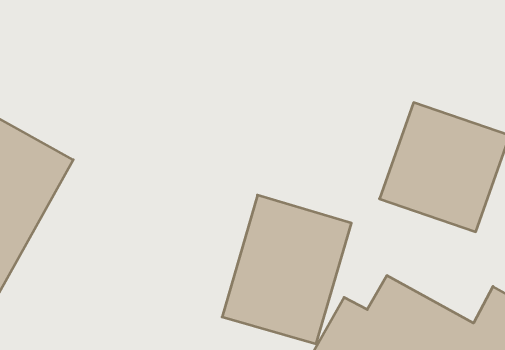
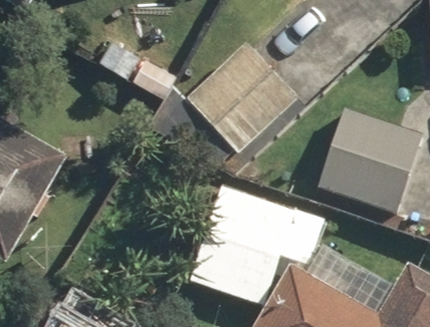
building: none -> [156,40,299,181]

